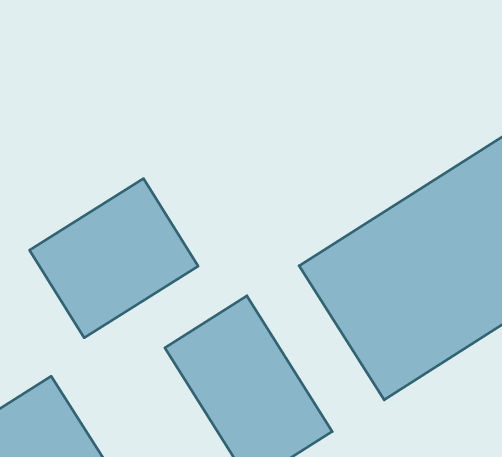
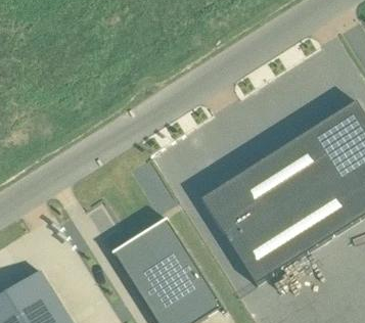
building: [30,179,198,338] -> none

